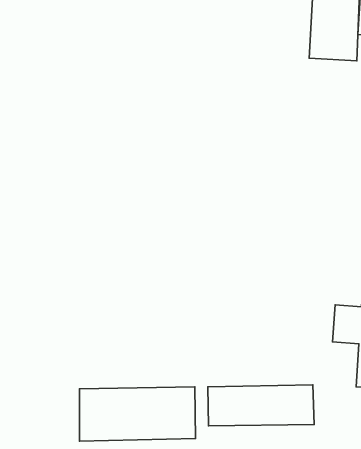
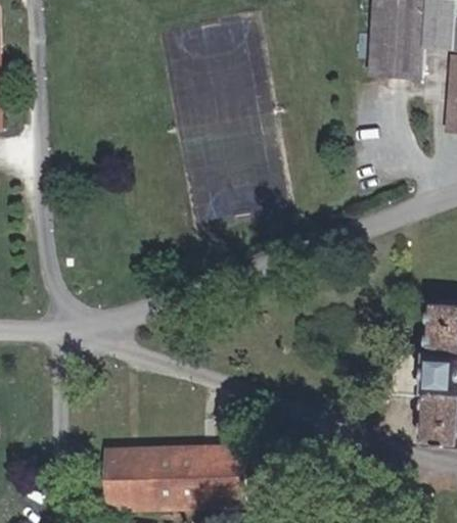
building: [208,385,314,426] -> none

